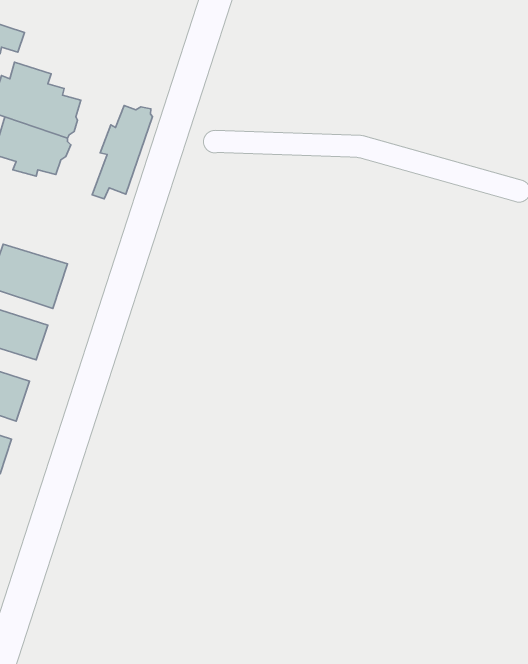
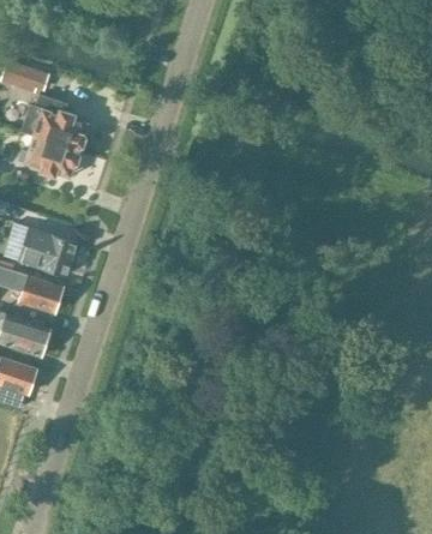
building: [92,106,152,199] -> none

